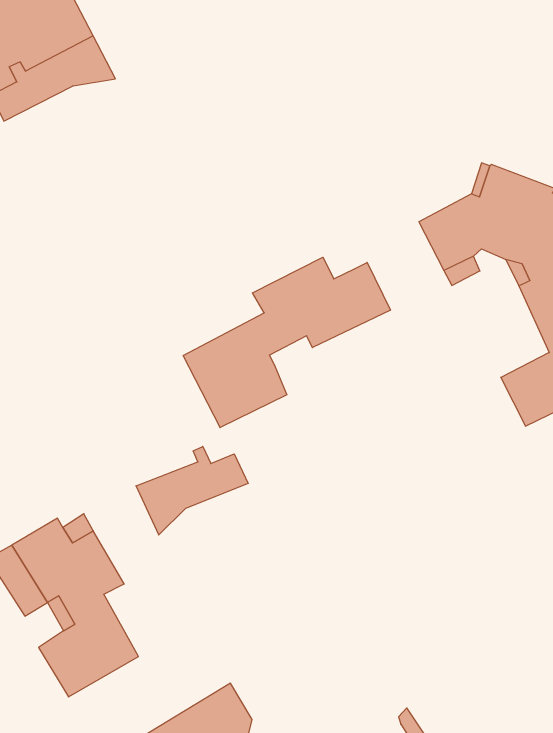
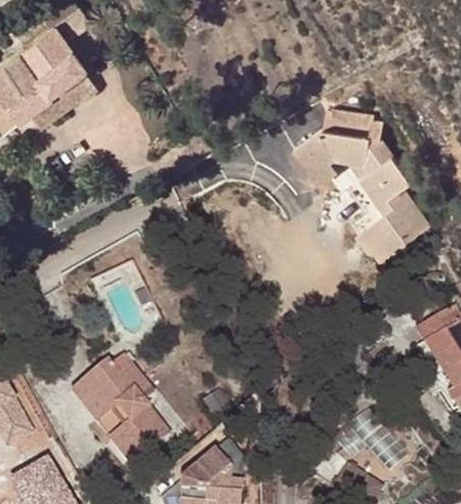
building: [183,257,390,428] -> none
building: [136,446,248,535] -> none

